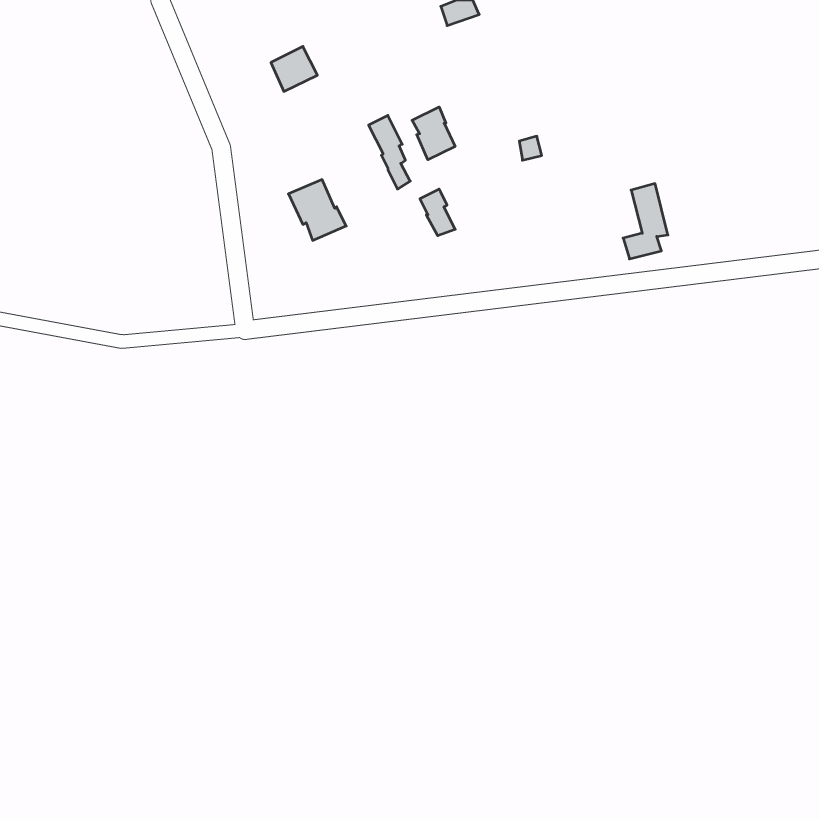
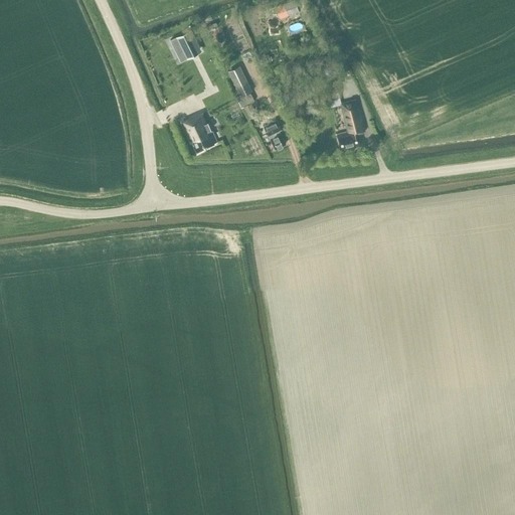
building: [412,107,455,160] -> none
building: [623,184,668,259] -> [336,100,364,147]

